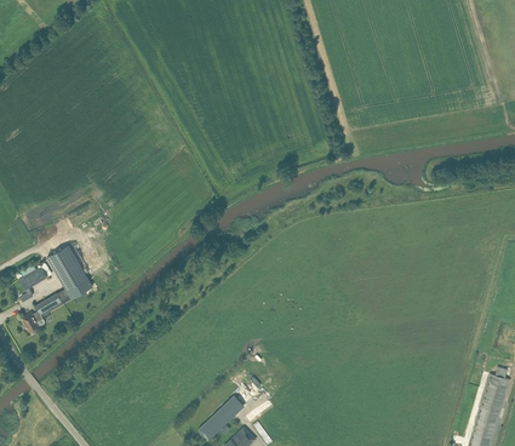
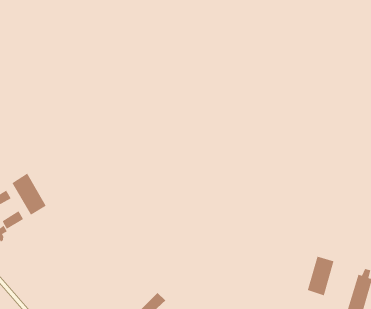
building: none -> [307,256,334,296]

